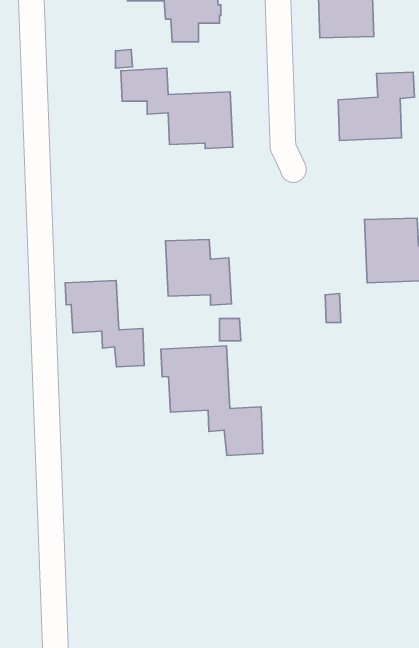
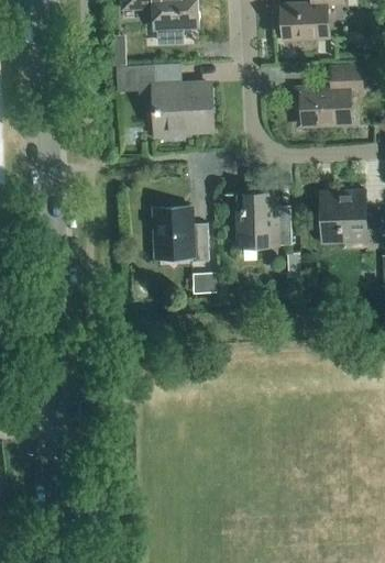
building: none -> [235,194,290,247]
building: [65,281,144,367] -> none
building: [161,346,263,455] -> none

